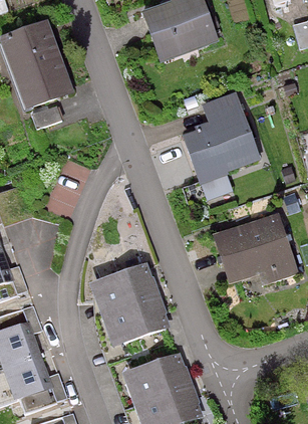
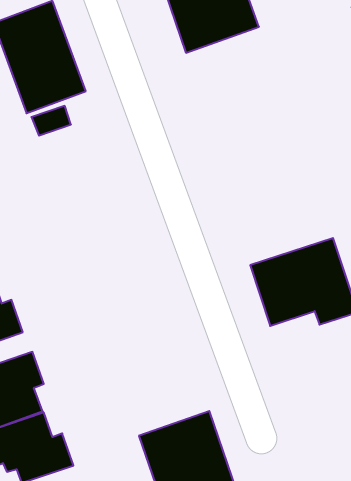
building: [181,91,260,183] -> none
building: [86,262,166,347] -> none

